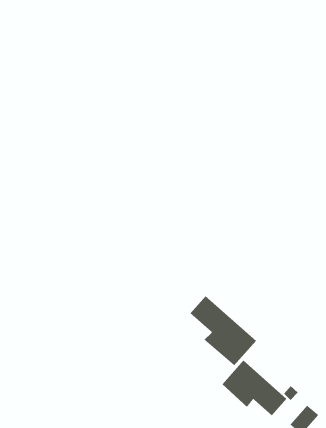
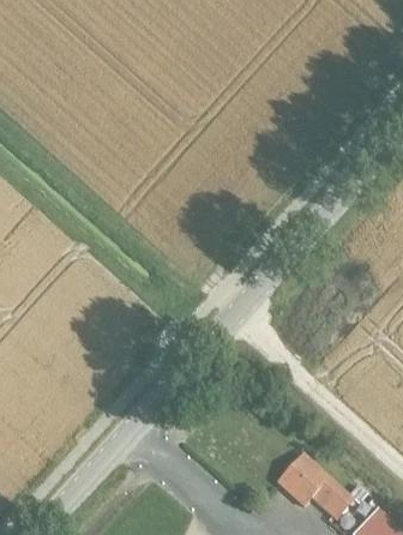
building: [189,295,257,366] -> none

